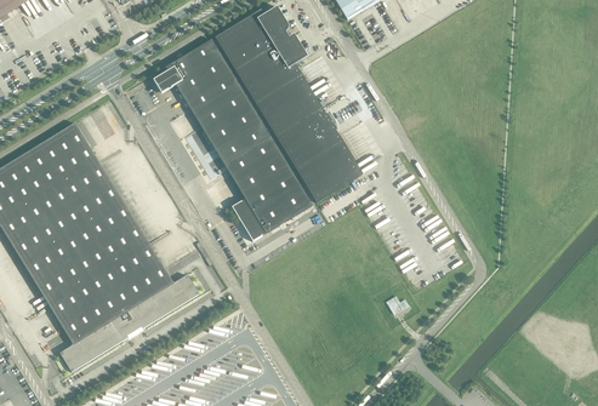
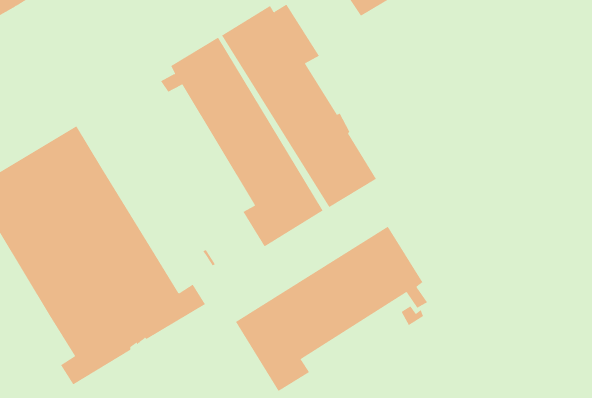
building: none -> [235,226,428,392]

